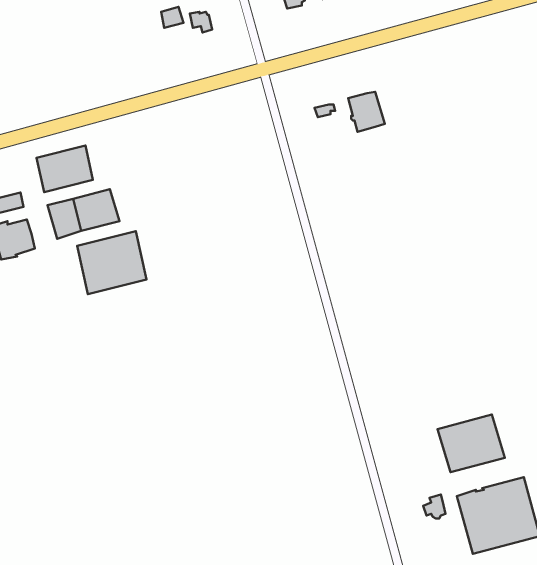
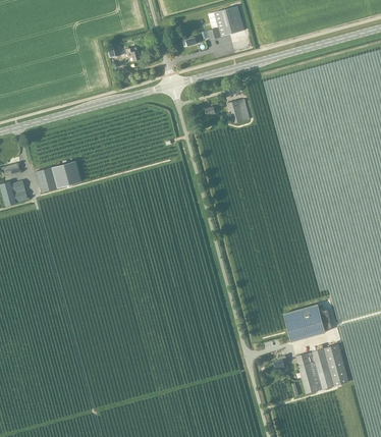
building: [37,146,93,192] -> none
building: [77,231,146,294] -> none

